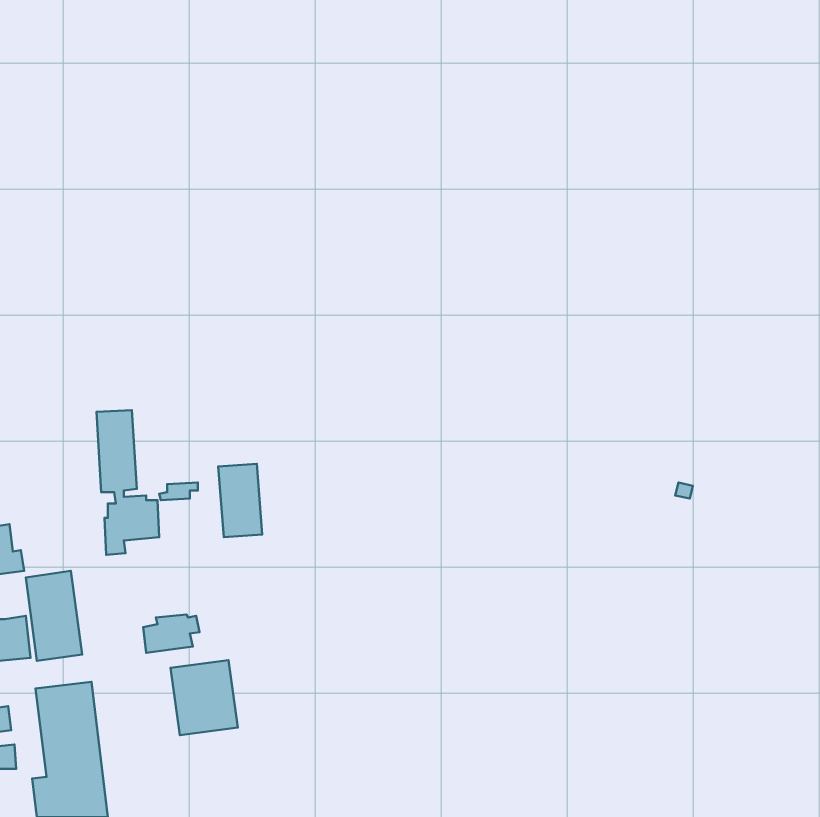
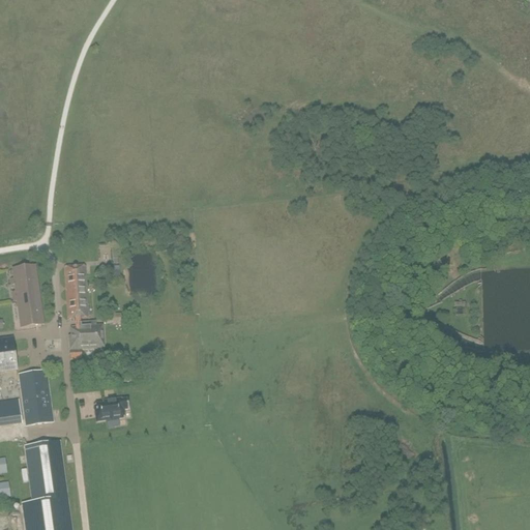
building: none -> [8,263,43,326]
building: [218,464,262,537] -> none
building: [170,660,238,735] -> none

